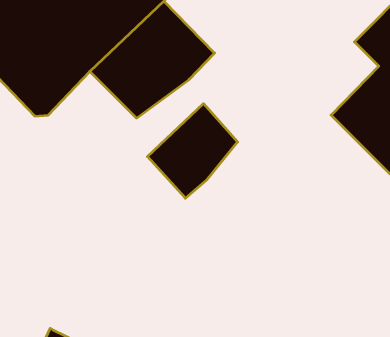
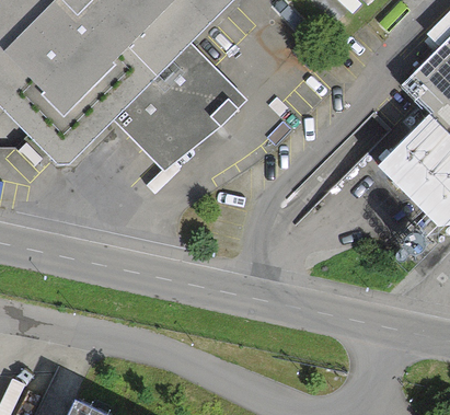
building: [147,104,238,198] -> none

